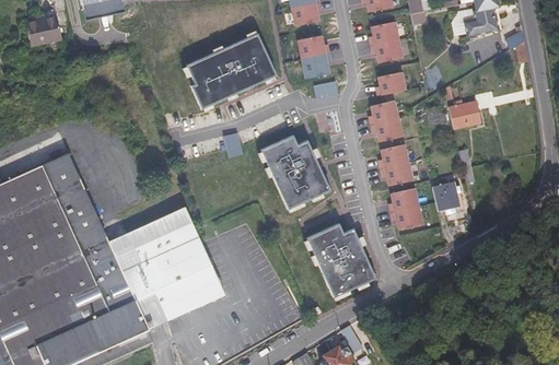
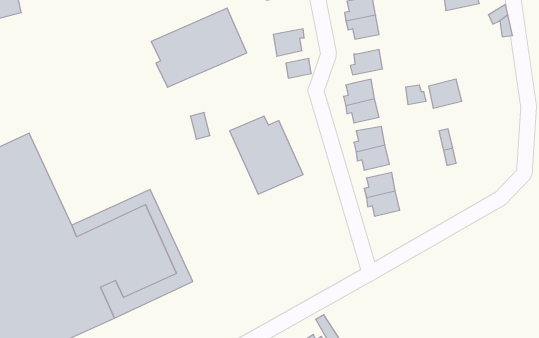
building: [298,35,329,58] -> none
building: [432,181,459,213] -> none
building: [305,224,374,298] -> none

